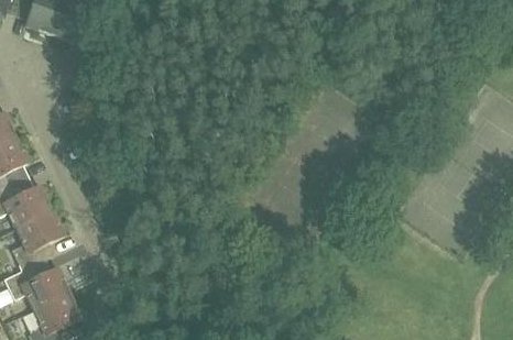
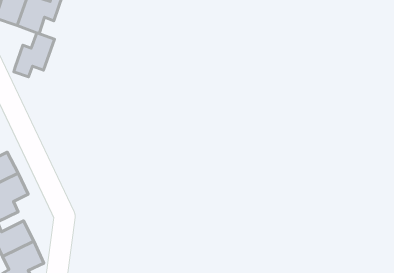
building: none -> [14,33,55,77]

